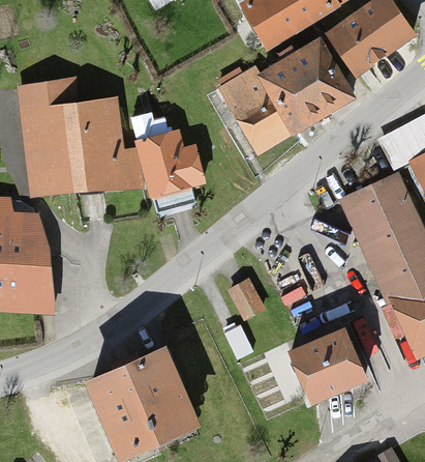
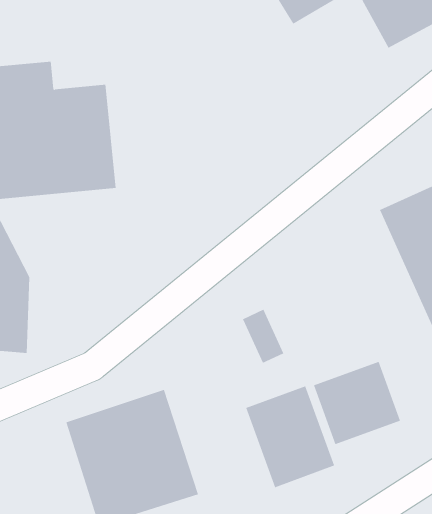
building: [221,37,352,150] -> none
building: [134,124,200,195] -> none
building: none -> [246,385,335,488]

